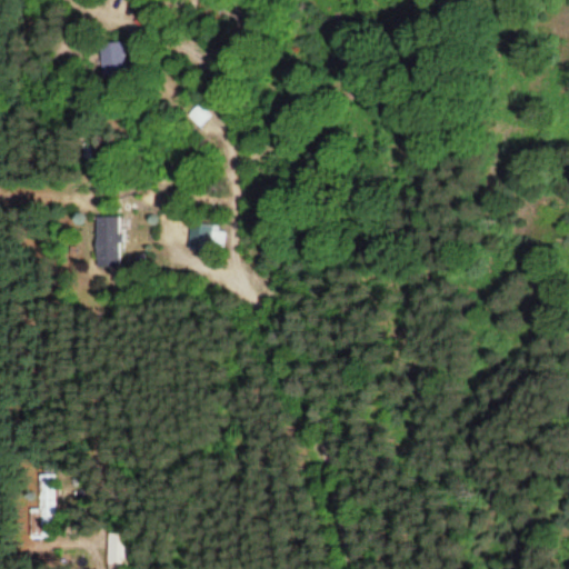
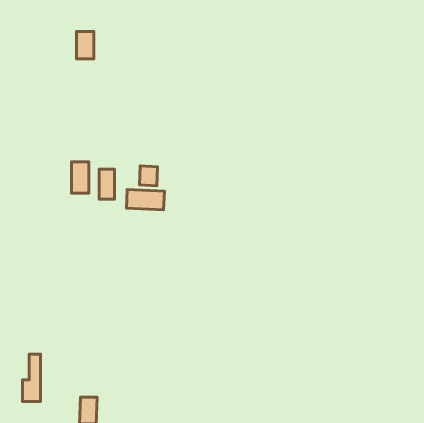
building: none -> [99,169,114,199]
building: none -> [126,190,164,210]

